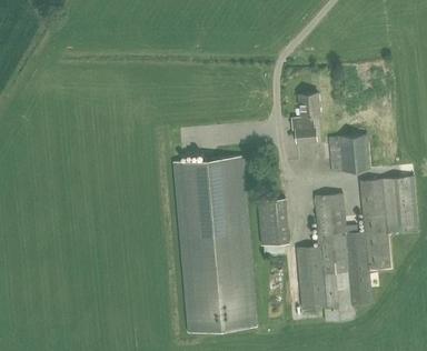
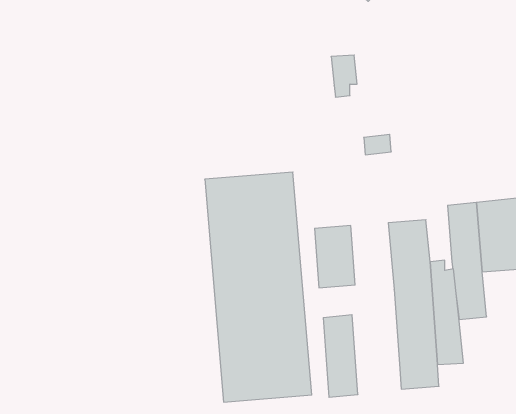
building: [300,93,320,126] -> [331,55,357,97]
building: [328,136,370,172] -> none
building: [297,247,324,310] -> [323,315,358,397]

